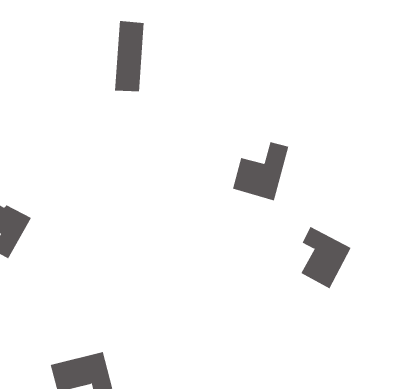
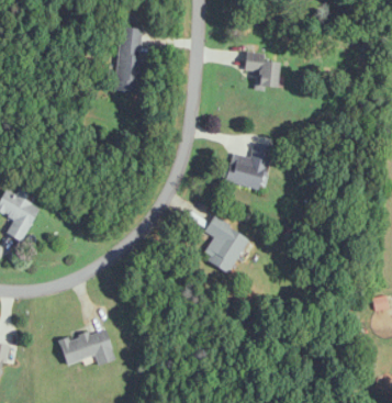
building: none -> [244,52,279,90]
building: [301,226,352,289] -> [203,215,249,272]

